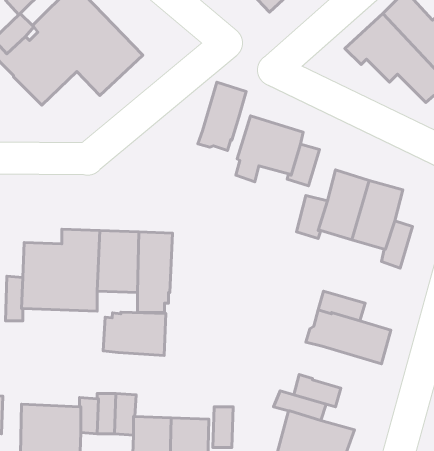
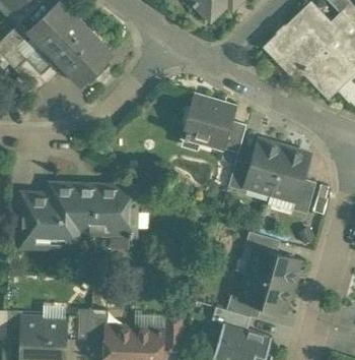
building: [198,82,246,151] -> none
building: [103,312,166,356] -> none
building: none -> [239,273,291,311]

